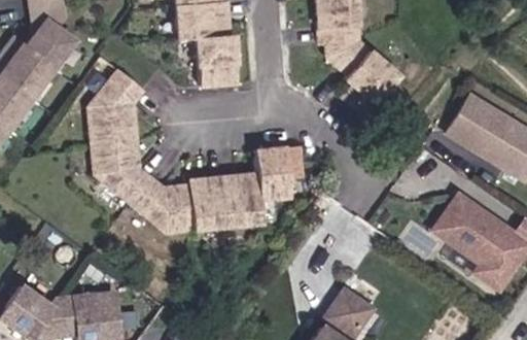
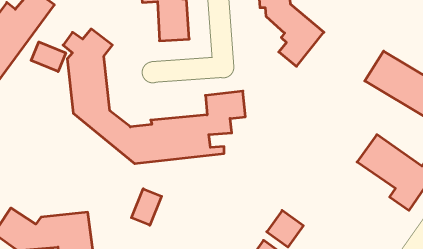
building: none -> [31,42,66,72]
building: none -> [131,189,162,225]

